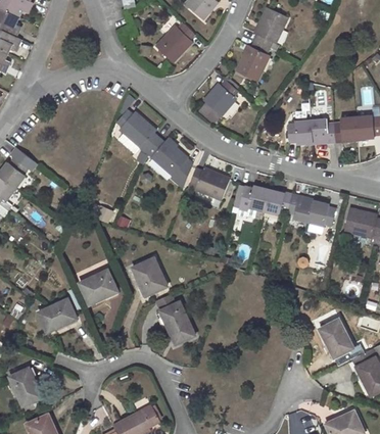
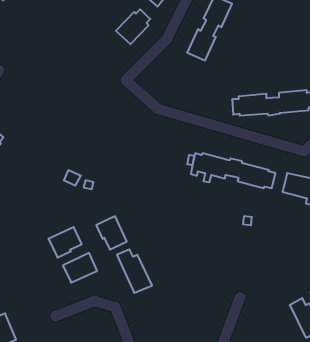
building: [203,80,238,115] -> none
building: [115,109,188,175] -> none
building: [189,167,236,207] -> none
building: [38,298,77,332] -> [63,253,97,283]
building: [320,319,353,356] -> none

